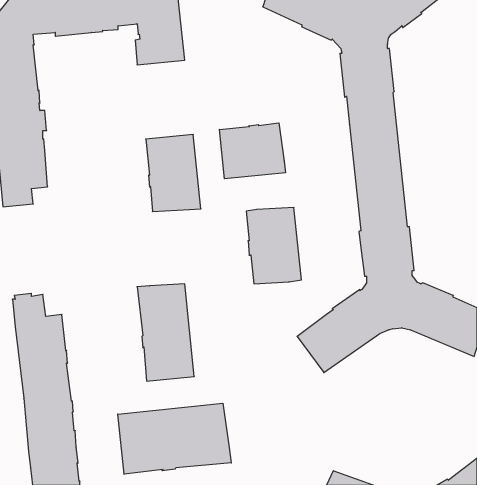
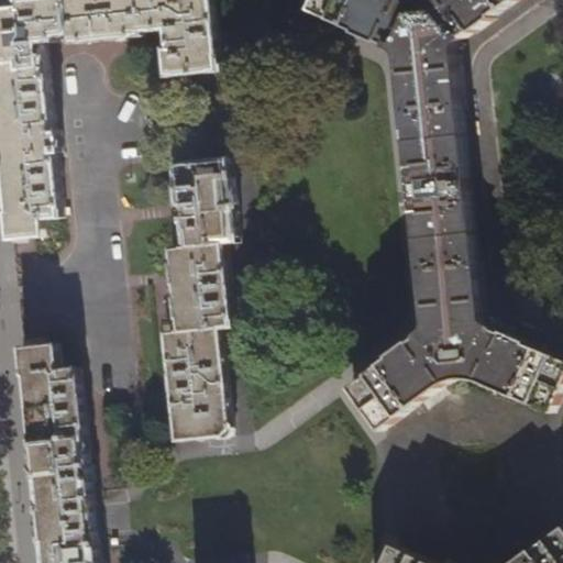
building: [219,123,285,179] -> none
building: [246,207,301,284] -> [164,242,228,330]
building: [118,403,231,474] -> none

